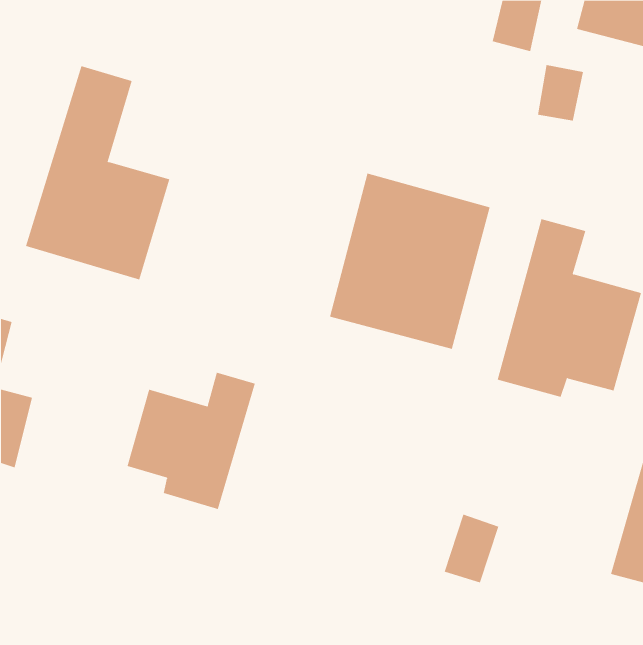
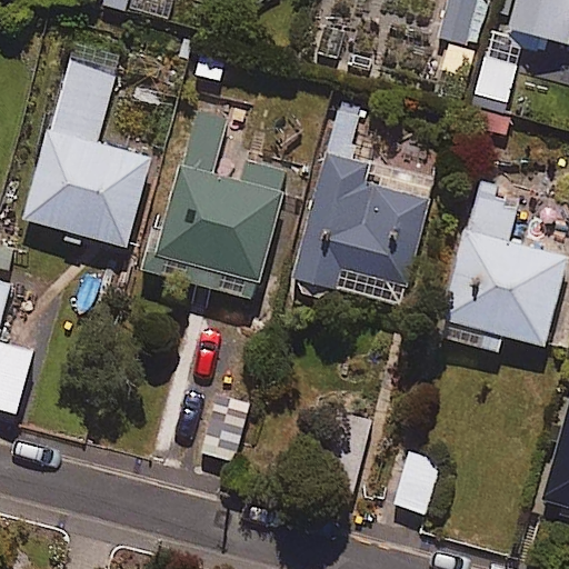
building: none -> [147,109,289,298]
building: [127,372,255,510] -> none

